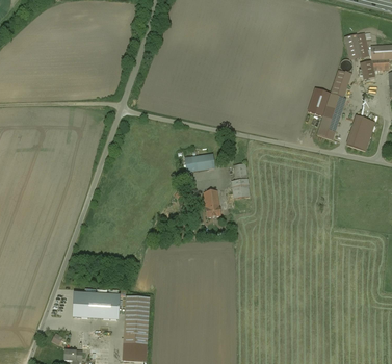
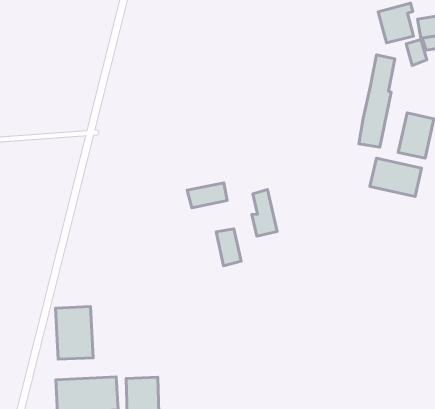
building: [307,88,330,116] -> none
building: none -> [370,158,422,197]
building: none -> [56,307,93,359]

